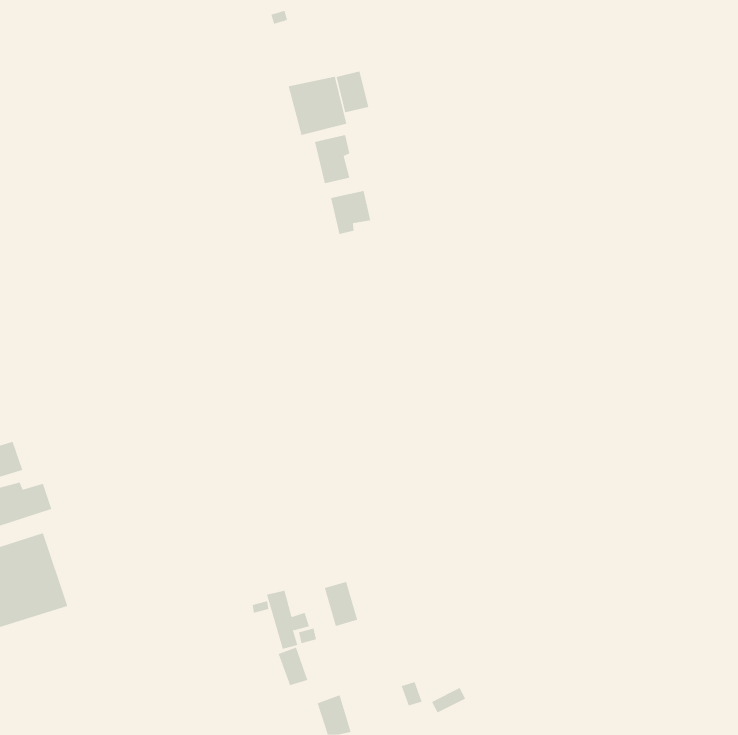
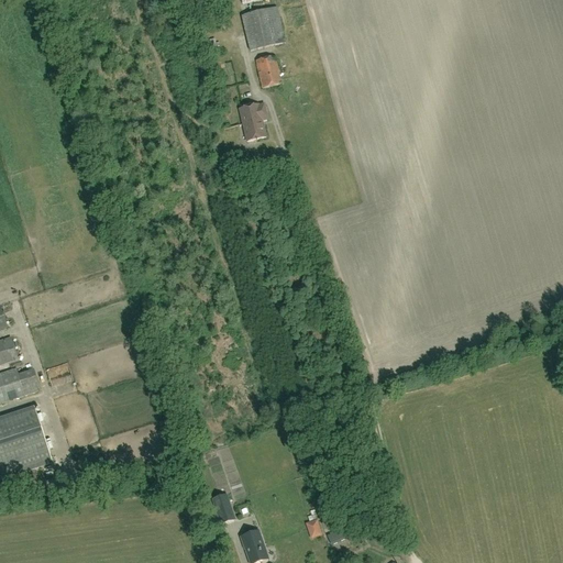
building: [288,76,347,135] -> [240,4,285,49]
building: [330,190,371,235] -> none
building: [324,581,358,627] -> none

